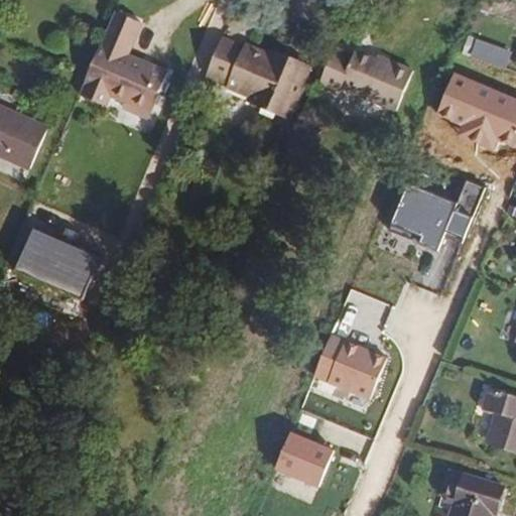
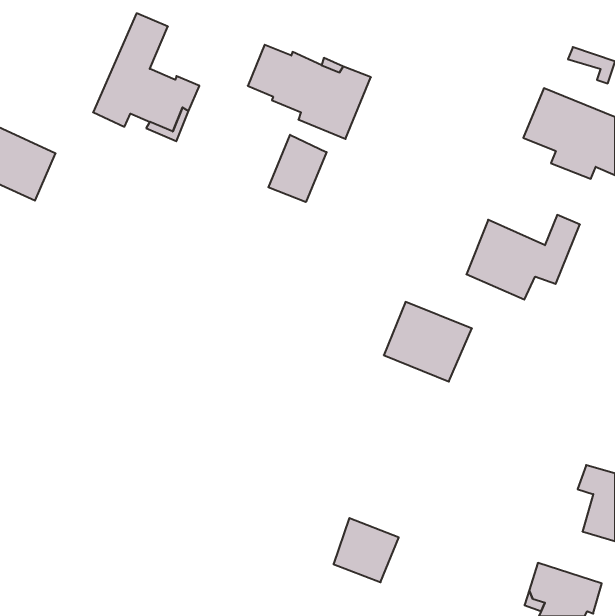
building: [317,47,411,110] -> none
building: none -> [268,135,327,202]
building: [14,228,92,295] -> none
building: [312,335,386,401] -> [384,302,472,382]

